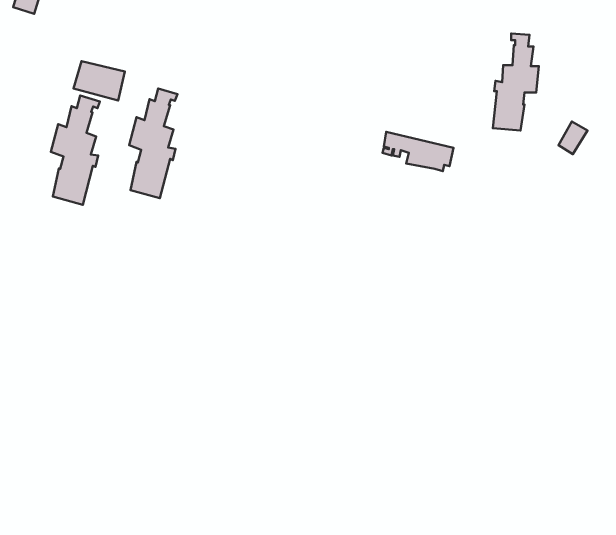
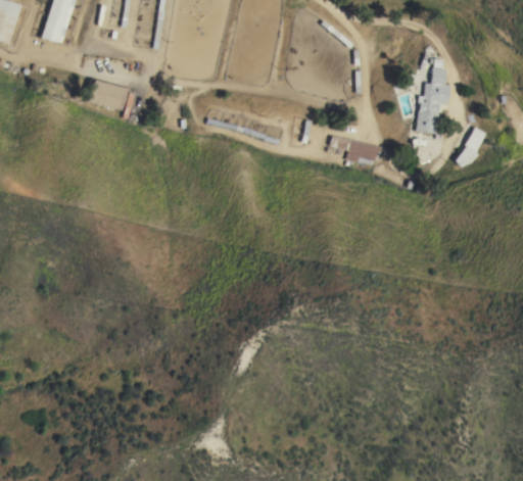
building: [129,88,177,198] -> none
building: [51,96,100,205] -> none

